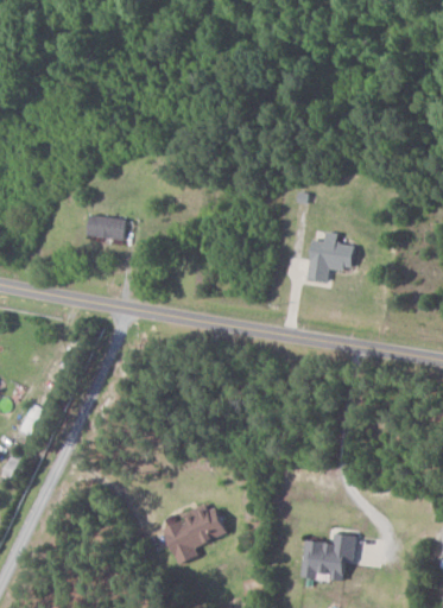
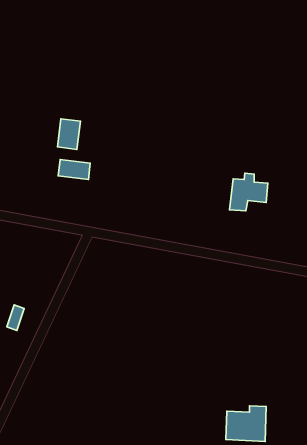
building: none -> [57,119,80,149]
building: [162,504,230,566] -> none

